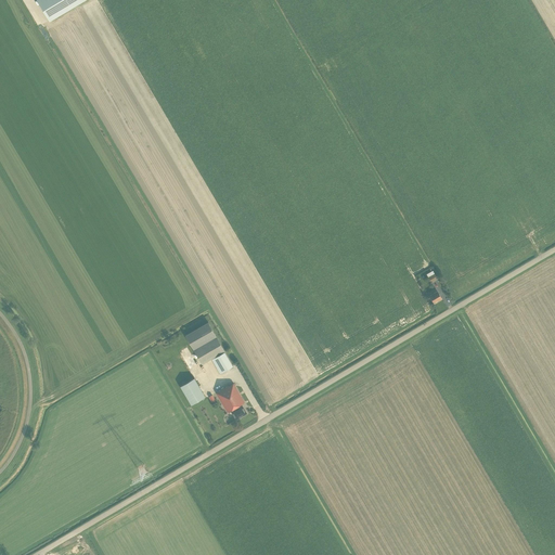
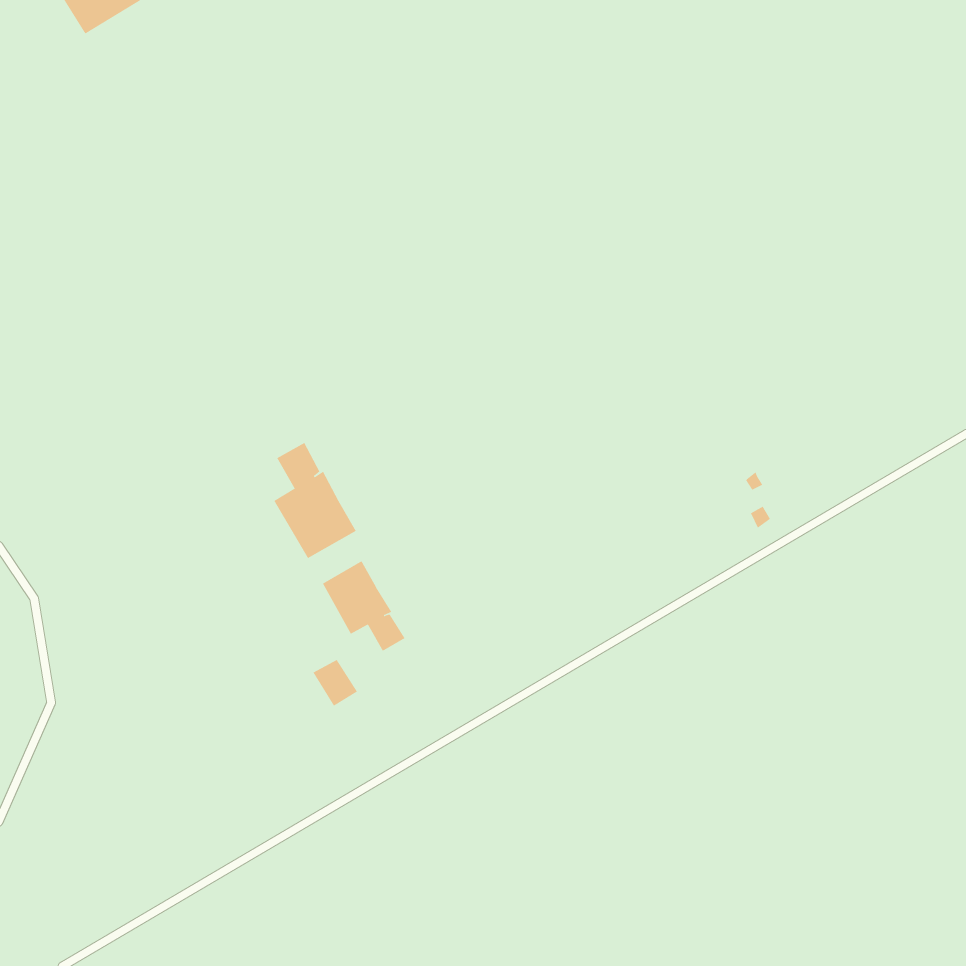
building: none -> [274,442,356,559]
building: [216,384,245,418] -> none

